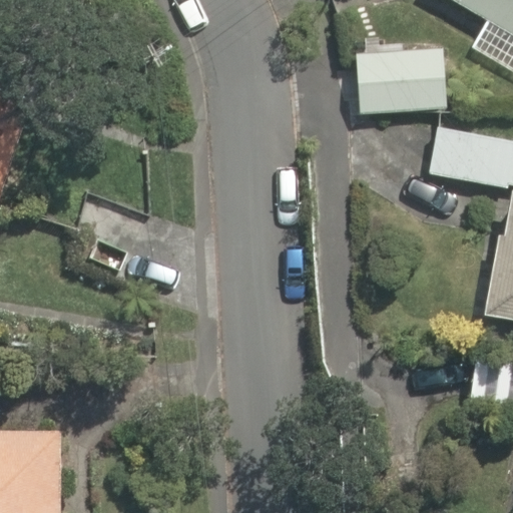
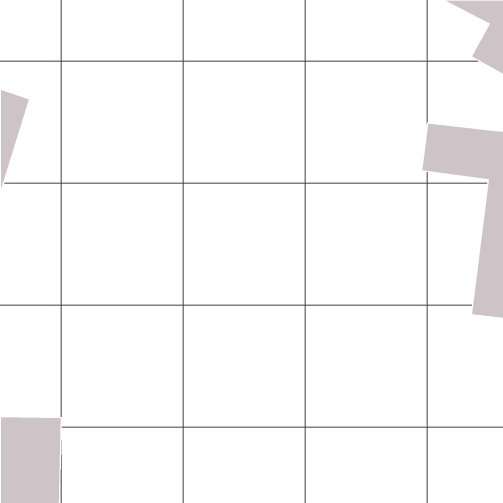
building: [356,37,463,115] -> none

